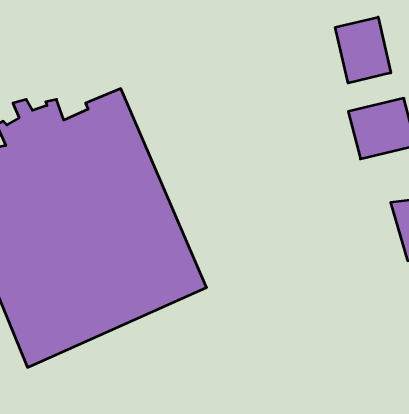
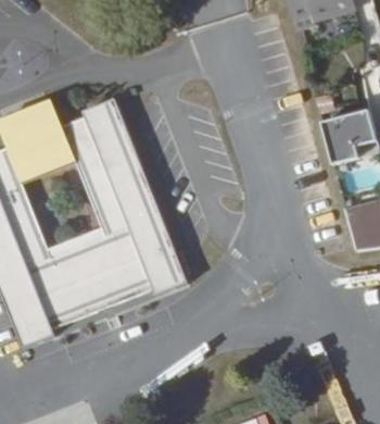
building: [335,17,391,83] -> none

